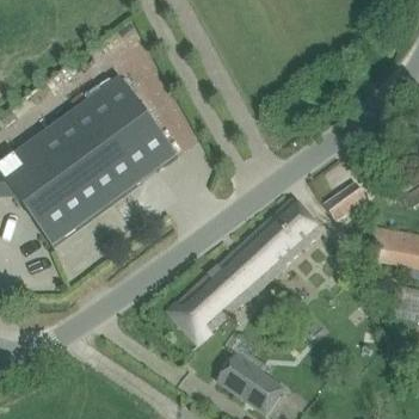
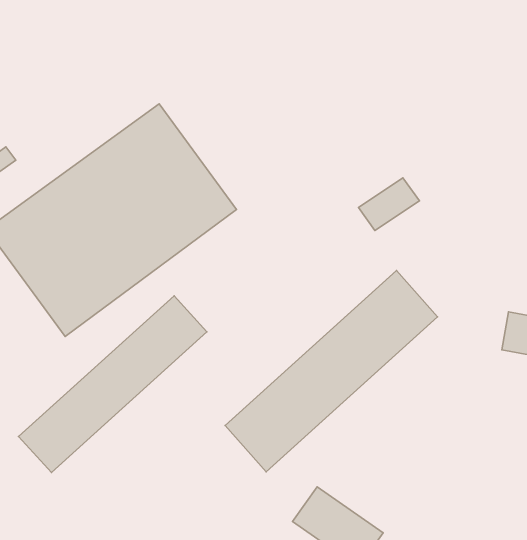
building: [324,181,368,220] -> [358,178,419,231]
building: none -> [19,296,207,472]

